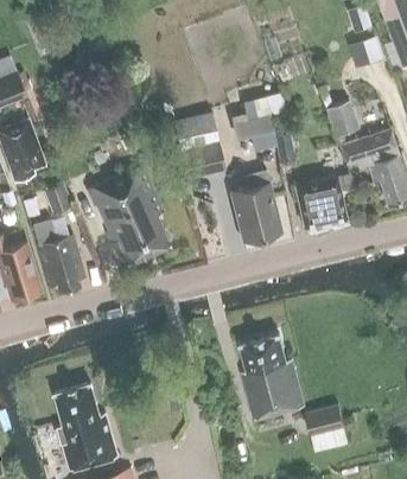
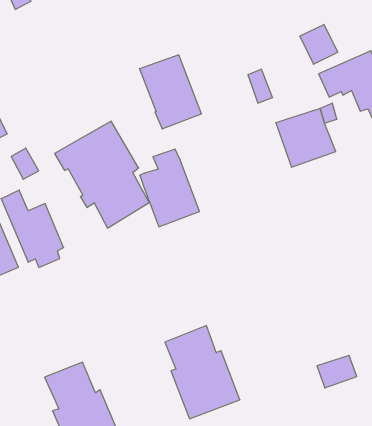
building: [231,107,274,140] -> none
building: [230,171,281,241] -> [140,149,199,227]
building: [239,336,301,420] -> [165,325,240,419]

